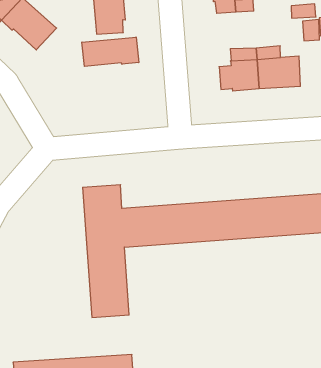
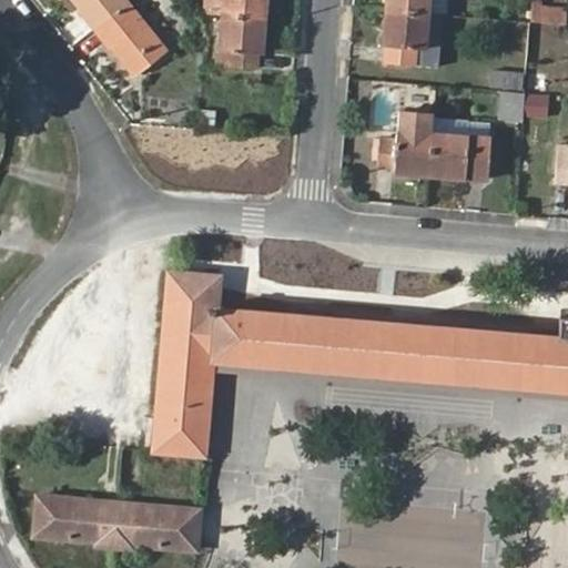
building: [82,37,139,66] -> none

